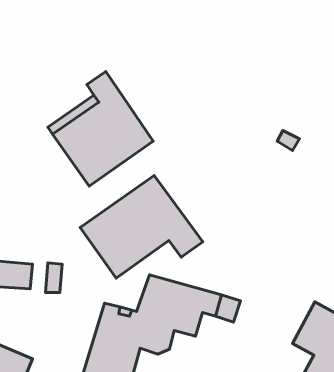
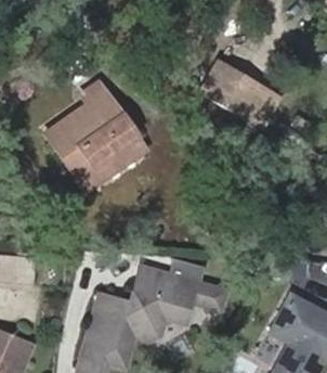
building: none -> [205,67,265,119]
building: [80,175,203,278] -> none

